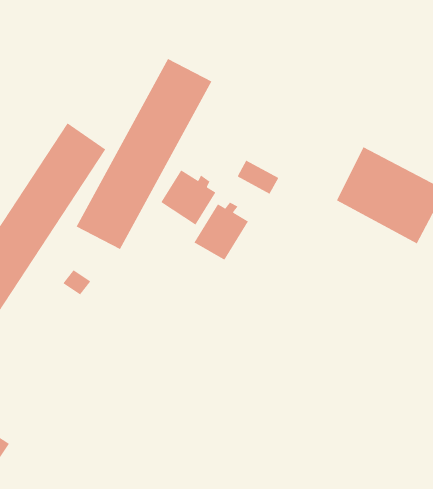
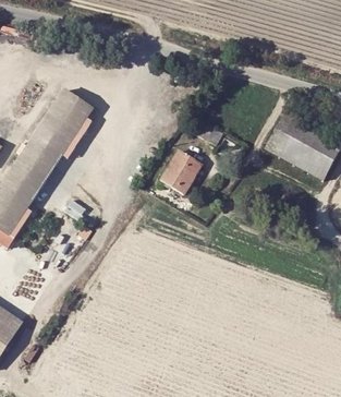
building: [76,58,212,250] -> none
building: [161,169,216,225] -> none

